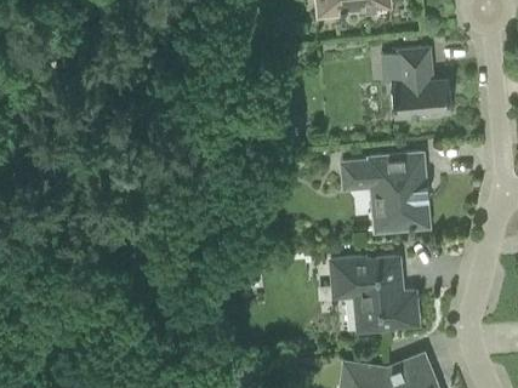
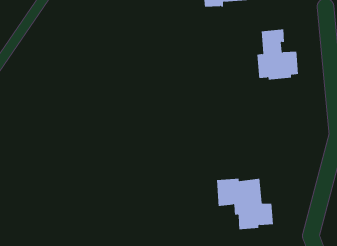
building: [342,153,428,230] -> none

